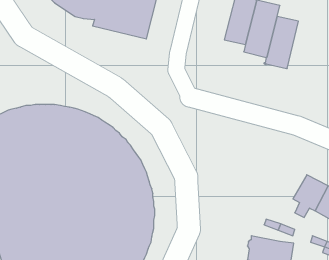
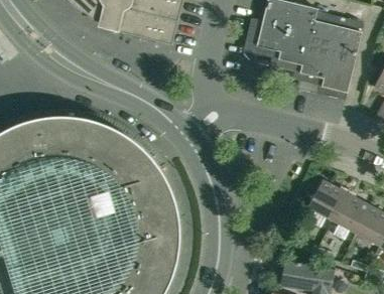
building: none -> [322,25,361,92]
building: none -> [307,179,346,227]

